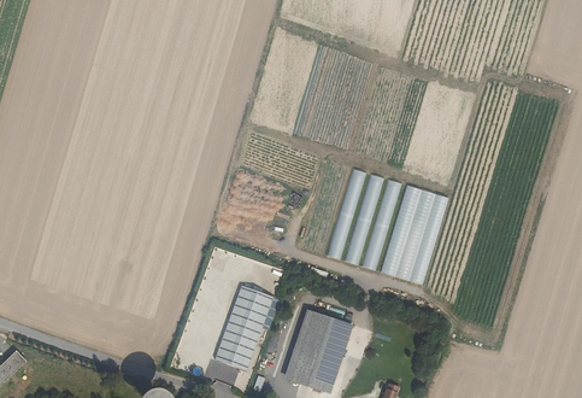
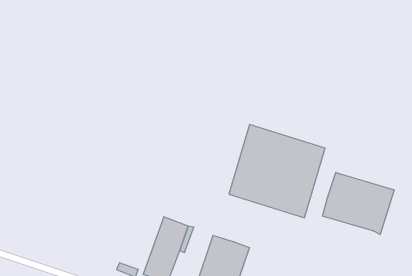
building: none -> [323,172,394,235]

